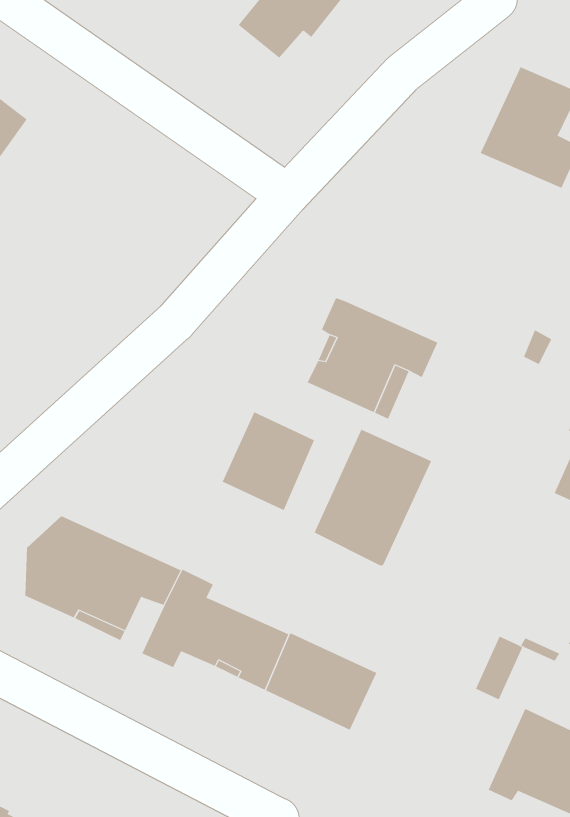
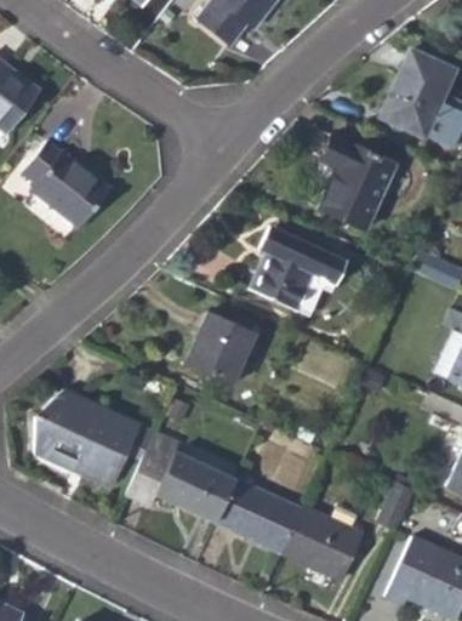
building: none -> [321,136,395,228]
building: none -> [24,142,113,227]
building: [314,429,432,566] -> none
building: none -> [281,506,365,581]

